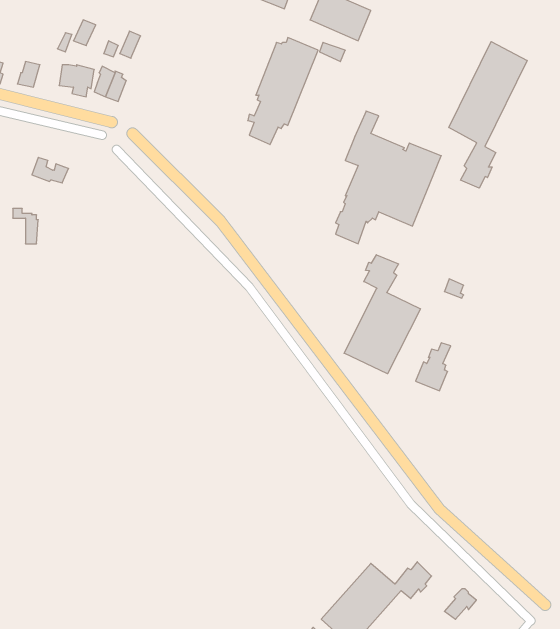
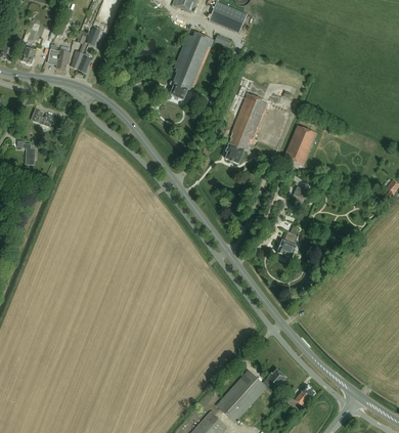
building: [449,42,527,188] -> none
building: none -> [284,126,317,165]
building: [344,255,420,374] -> none

